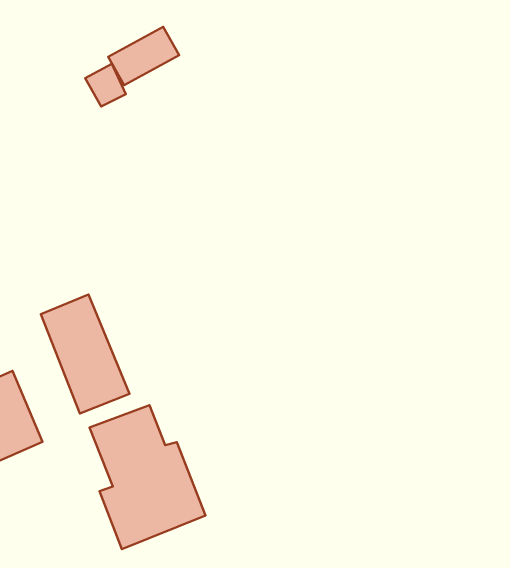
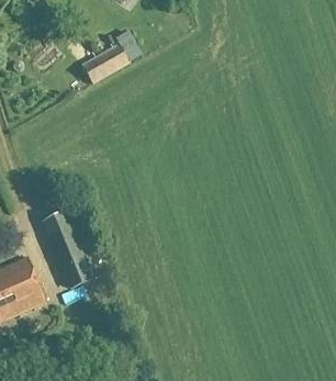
building: [89,405,206,549] -> none

